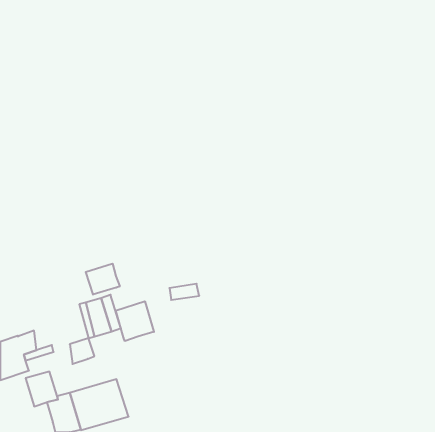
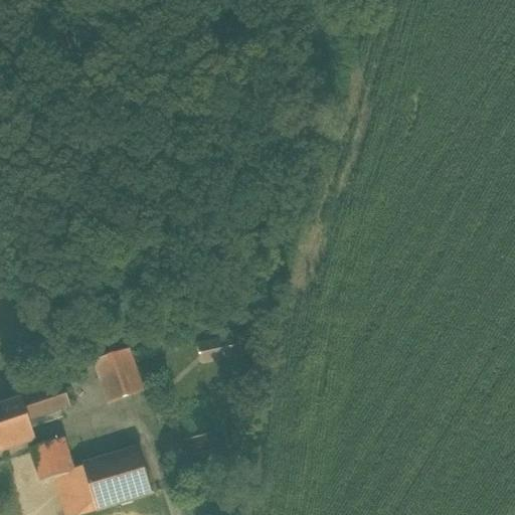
building: [86,264,120,295] -> none
building: [116,301,154,341] -> none
building: [70,338,94,364] -> [40,383,69,413]

